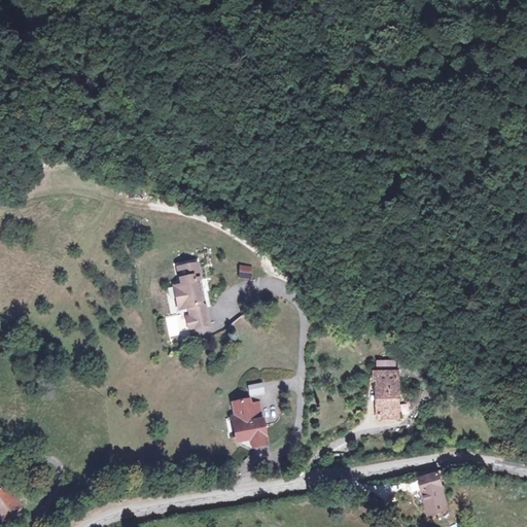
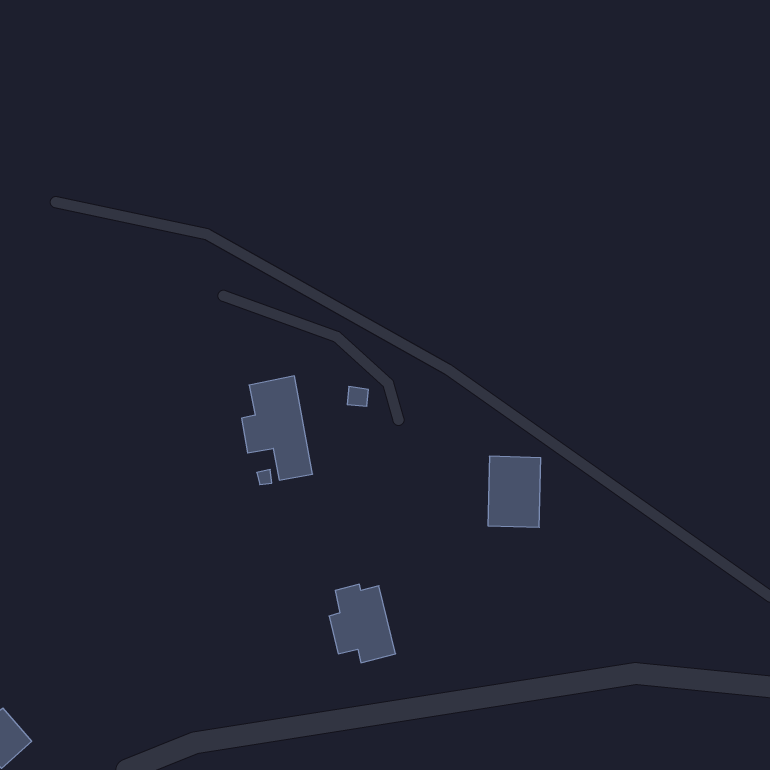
building: [365,367,401,416] -> [488,456,541,527]
building: [414,475,450,516] -> none

